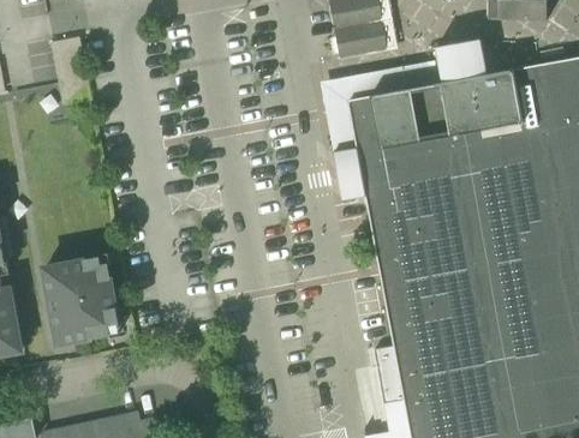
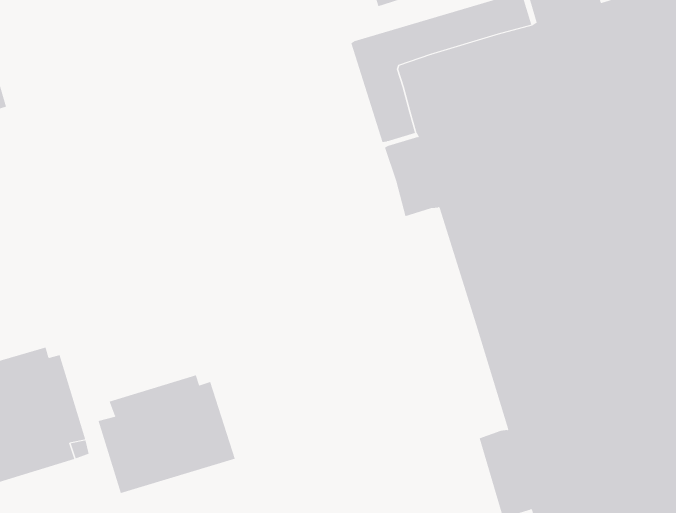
building: none -> [98,375,235,494]

